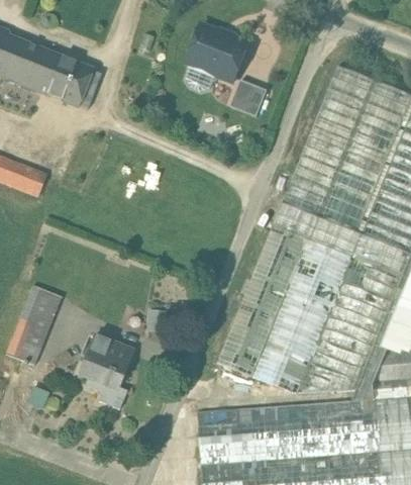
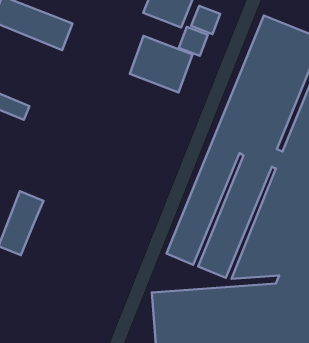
building: none -> [191,6,220,34]
building: none -> [130,36,192,93]
building: [79,335,130,409] -> none

